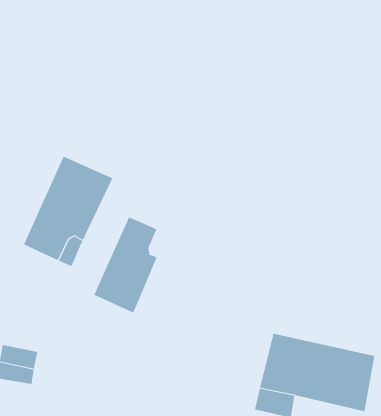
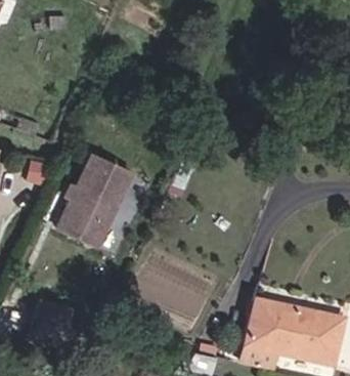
building: [93,217,157,313] -> none

